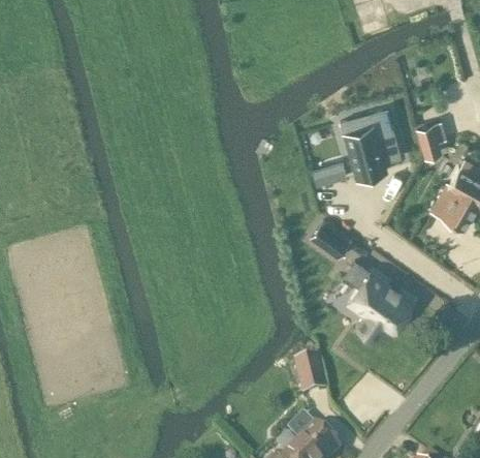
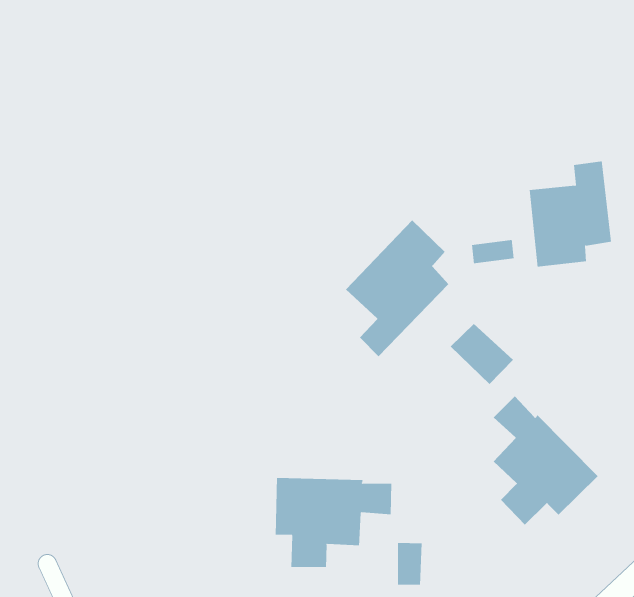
building: none -> [345,220,449,357]
building: none -> [275,477,392,568]

